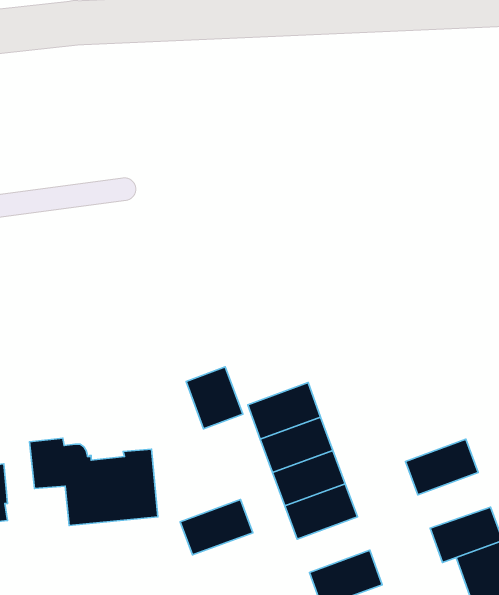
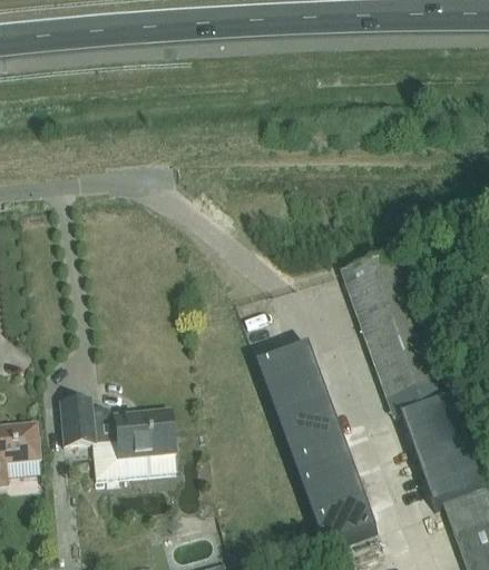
building: none -> [342,255,452,416]
building: [186,367,243,429] -> none
building: none -> [410,430,476,480]
building: [180,499,253,555] -> [301,470,366,520]

